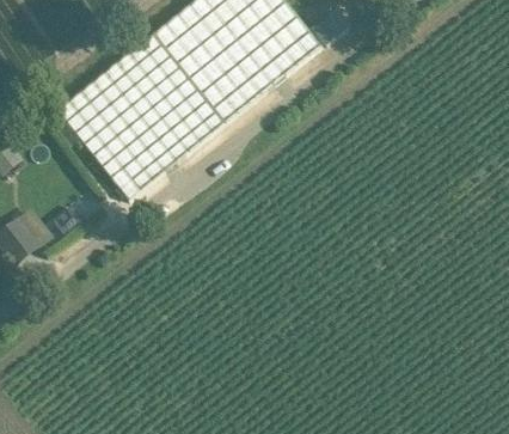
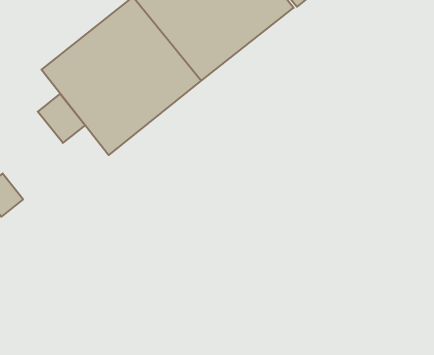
building: none -> [38,94,85,143]

